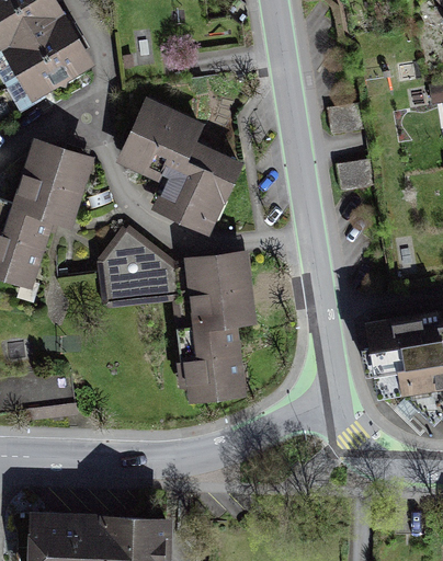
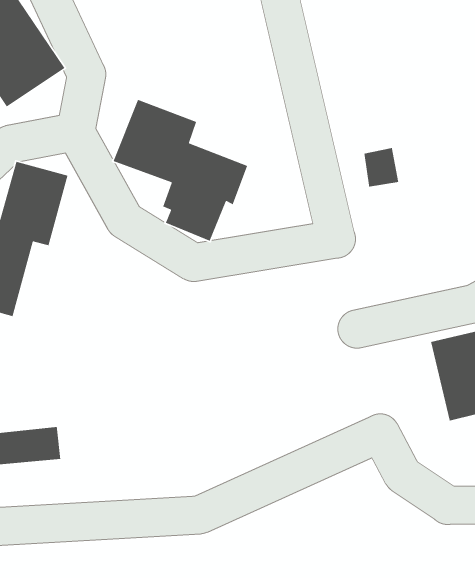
building: [102,228,250,396] -> none

